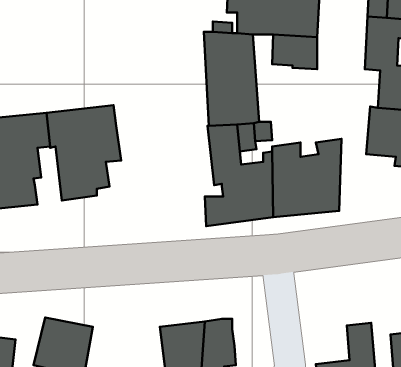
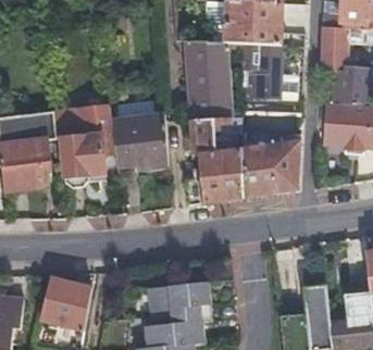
building: none -> [250,70,298,98]
building: none -> [111,112,167,167]

